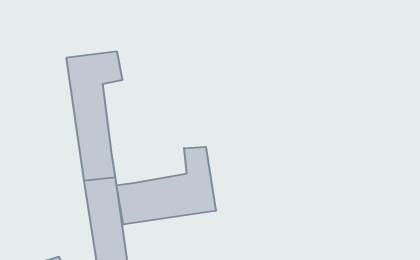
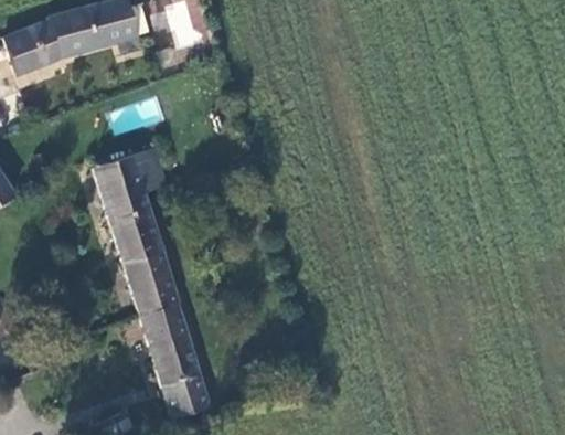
building: [116,147,216,225] -> none

